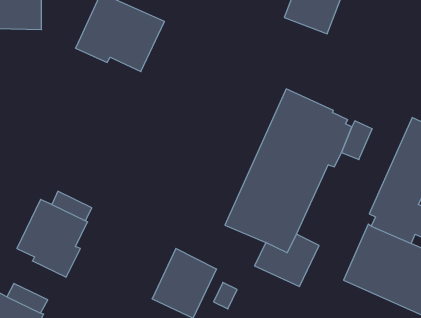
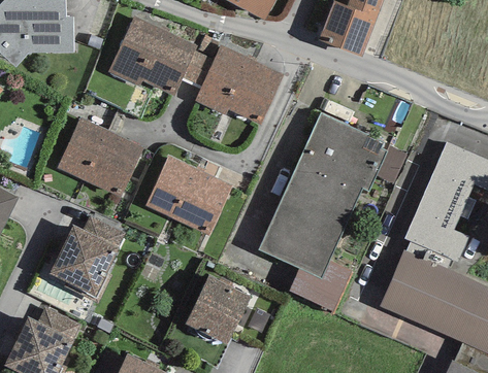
building: none -> [193,44,284,124]
building: none -> [56,118,141,197]
building: none -> [144,154,232,235]

